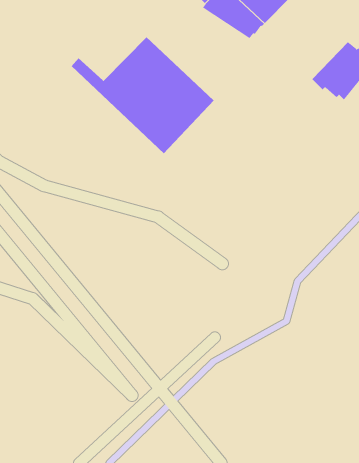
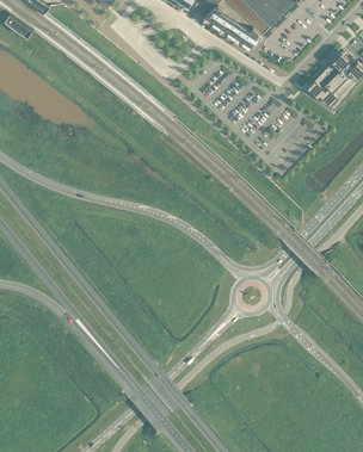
building: [71,37,214,154] -> none

